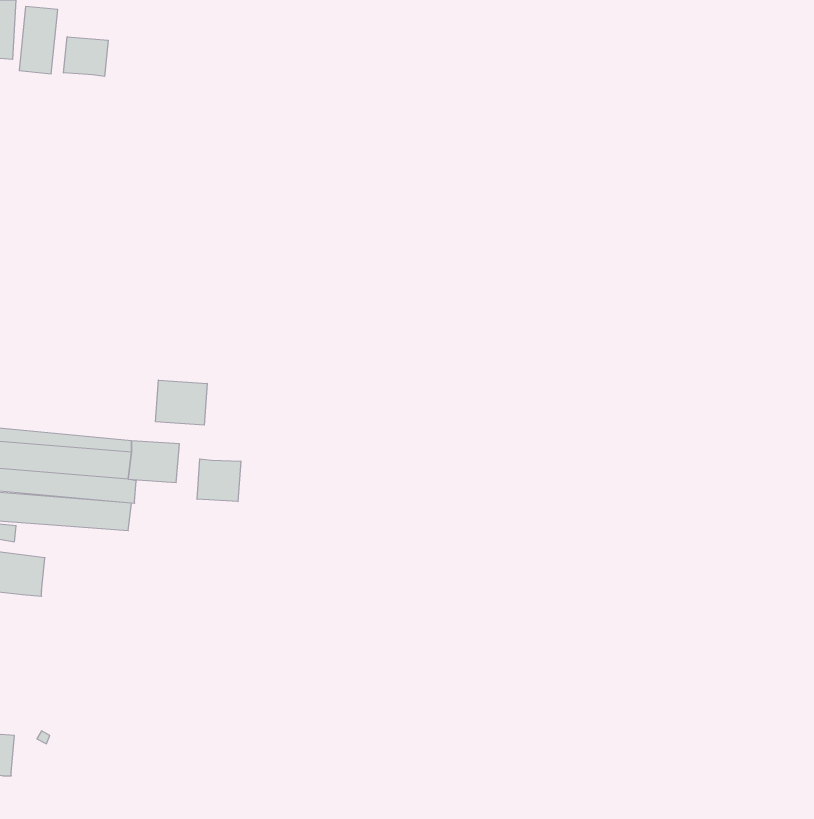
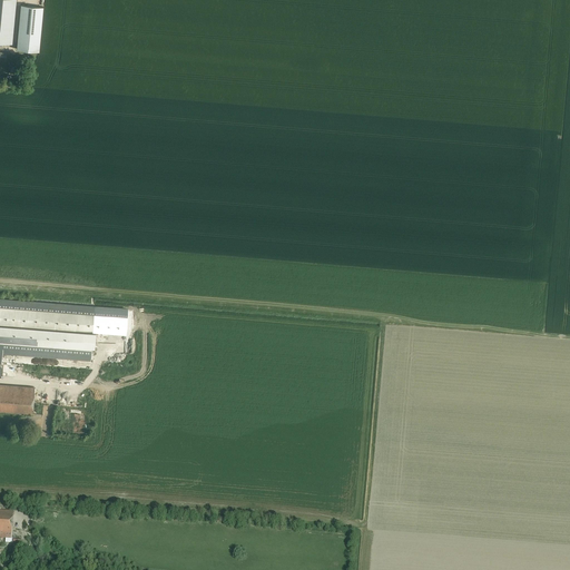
building: [64,37,108,76] -> none
building: [156,380,207,425] -> none
building: [197,459,241,502] -> none

